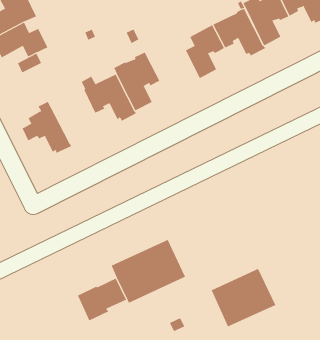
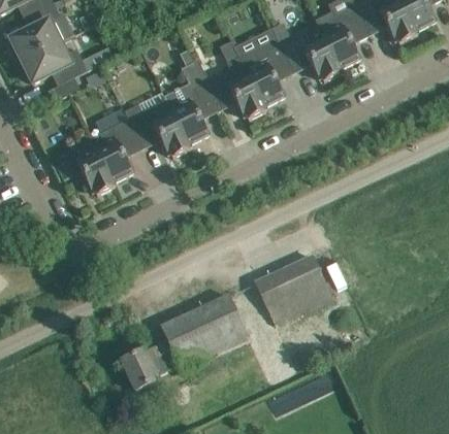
building: none -> [204,56,266,119]
building: none -> [95,106,142,182]
building: [211,268,276,327] -> [256,255,332,324]

